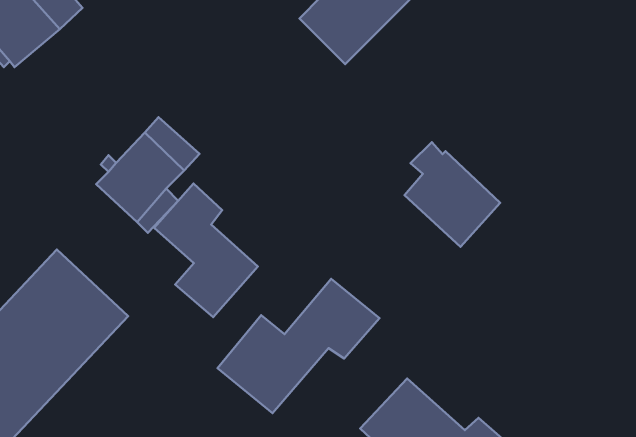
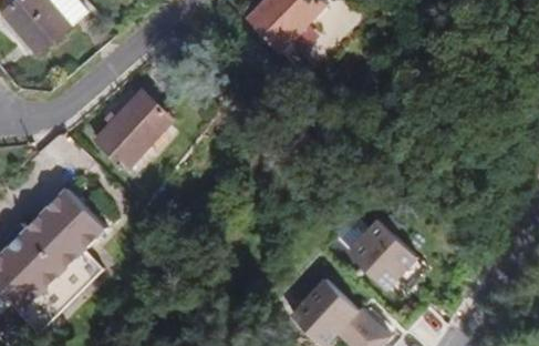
building: [405,142,500,247] -> [345,215,415,292]
building: [154,184,258,317] -> none
building: [217,279,379,413] -> none

